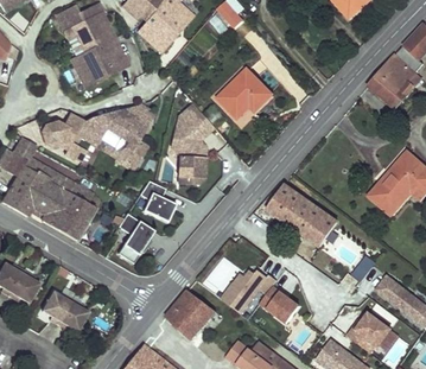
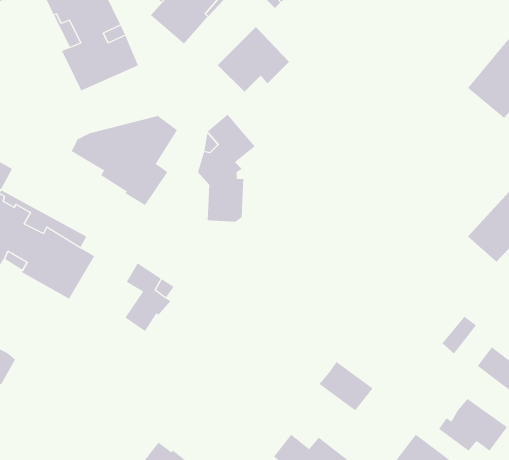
building: [218,68,272,116] -> [217,26,290,93]
building: [40,114,83,158] -> none
building: [140,180,176,221] -> none
building: [267,183,338,244] -> none
building: [222,269,278,312] -> none
building: [165,288,216,338] -> none
building: [39,291,87,331] -> none

